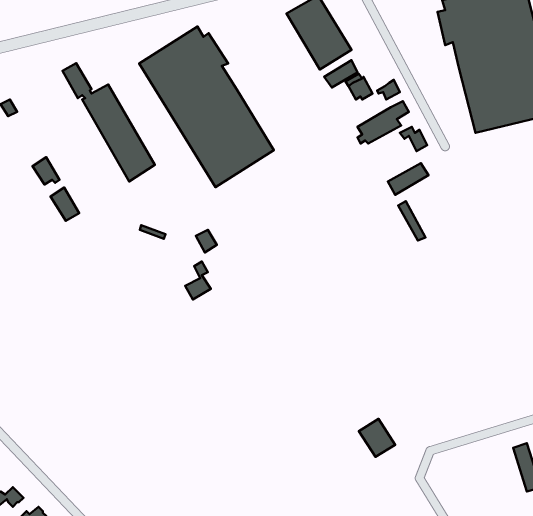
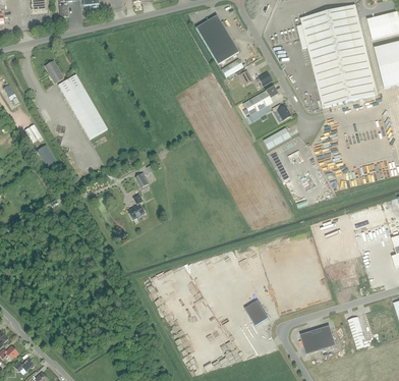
building: [139,27,274,187] -> none
building: none -> [300,325,335,353]

